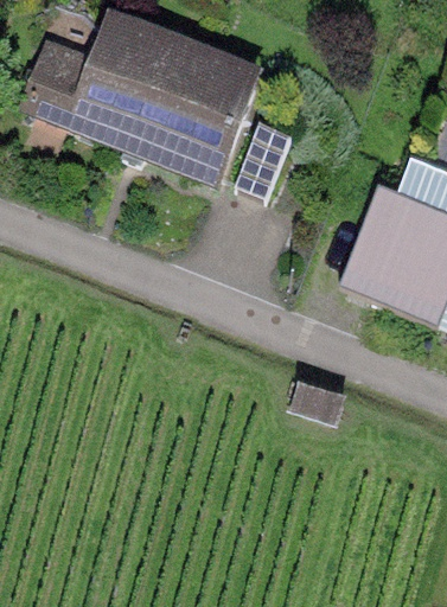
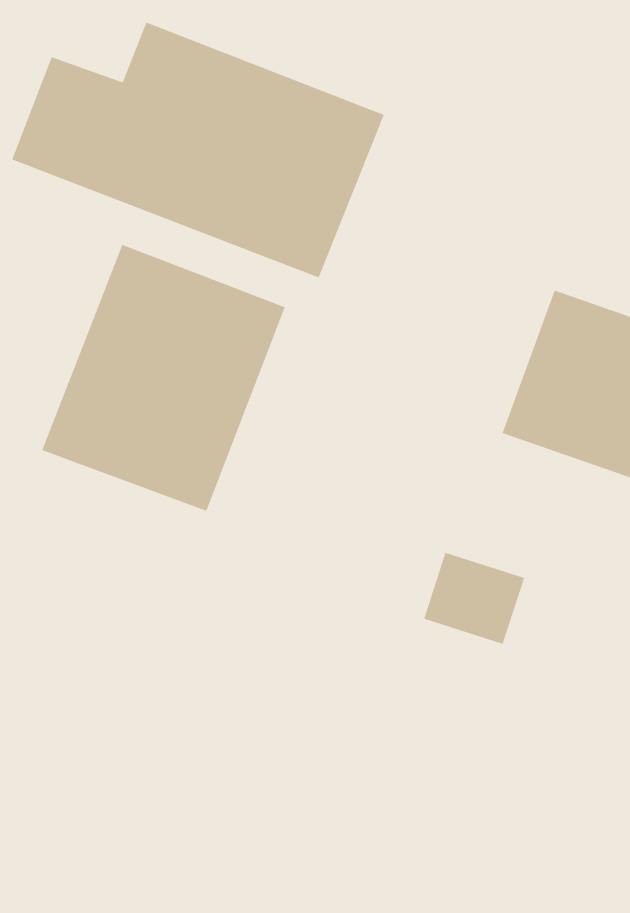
building: none -> [41,244,286,512]

